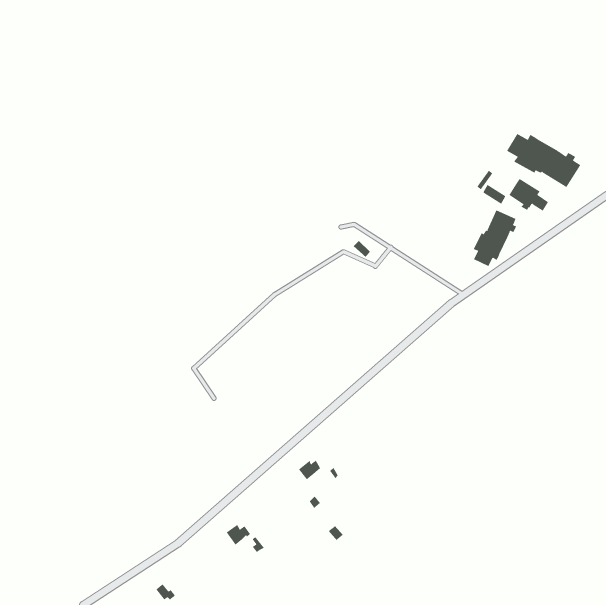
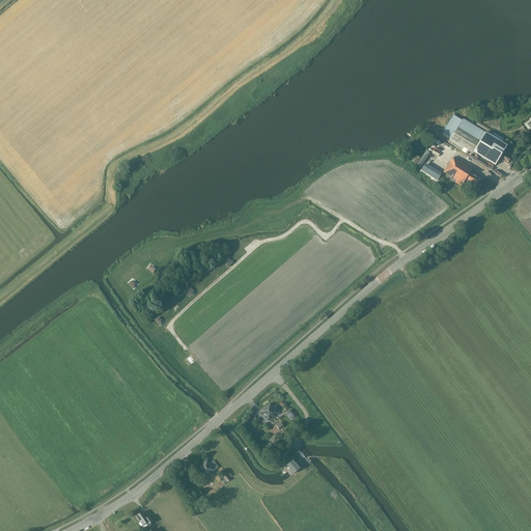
building: [473,209,517,267] -> none

